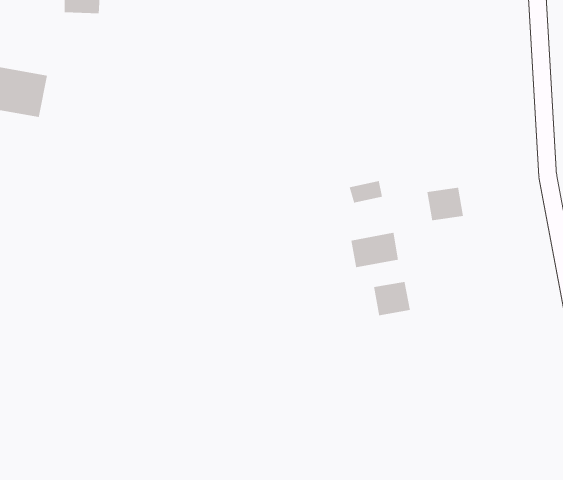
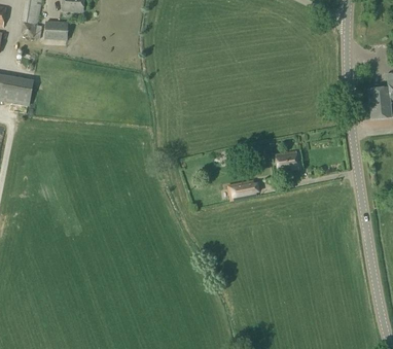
building: [373,281,410,316] -> none

